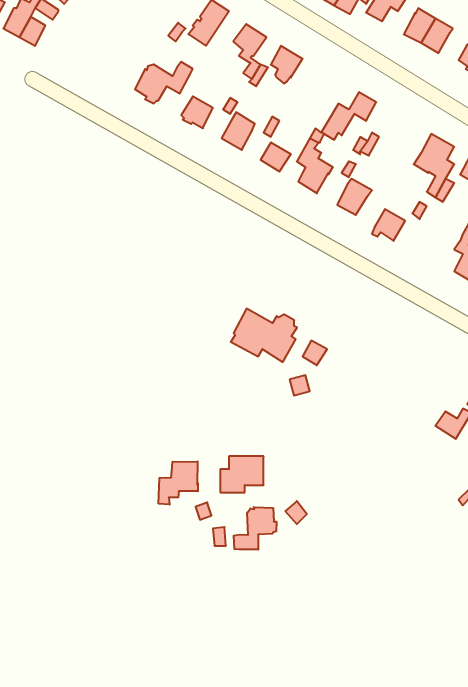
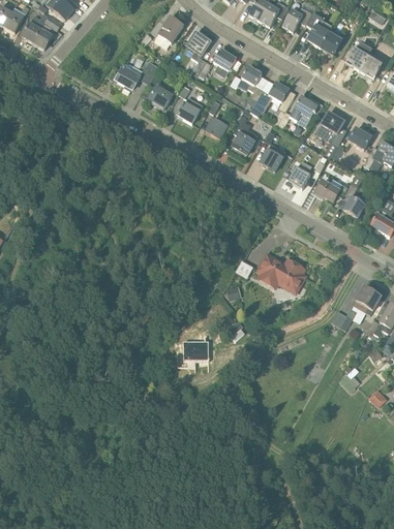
building: none -> [240,65,262,103]
building: none -> [293,96,317,128]
building: none -> [314,179,348,201]
building: [231,309,297,362] -> [256,254,304,292]
building: [159,461,198,505] -> none
building: [234,507,276,550] -> none

